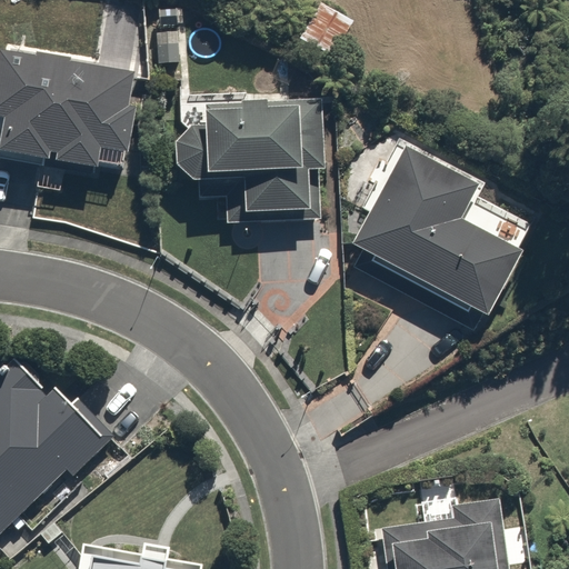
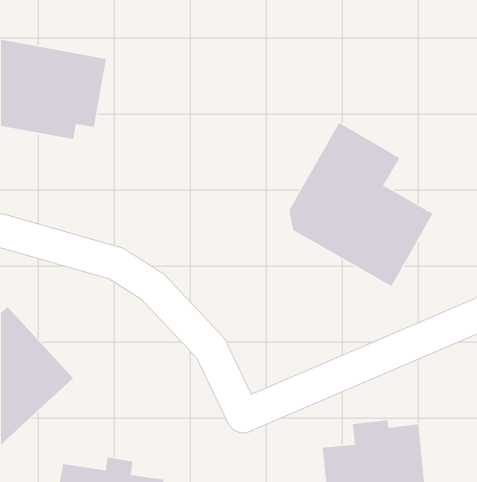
building: [167,100,328,230] -> none

